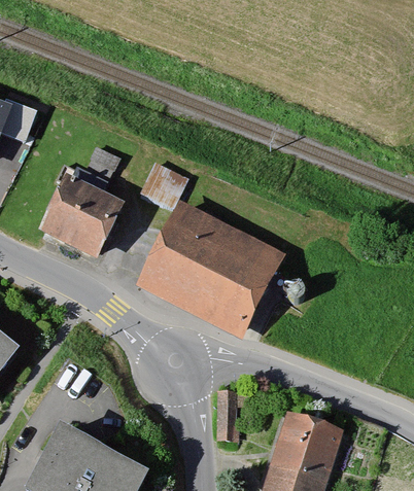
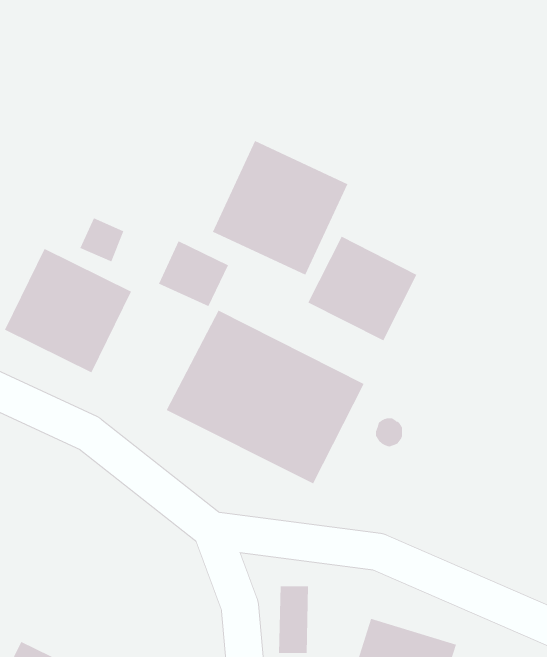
building: none -> [212,140,348,276]
building: none -> [308,236,417,341]

